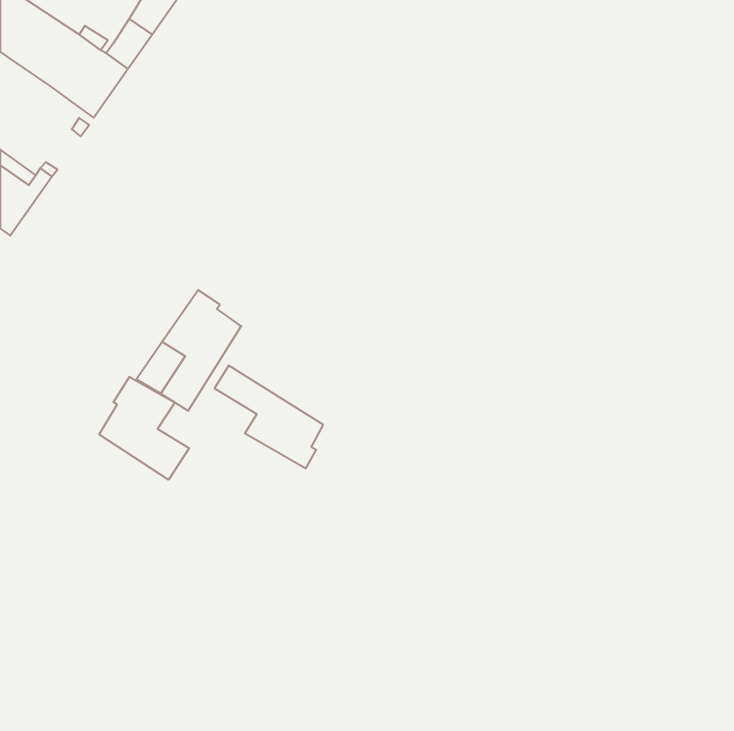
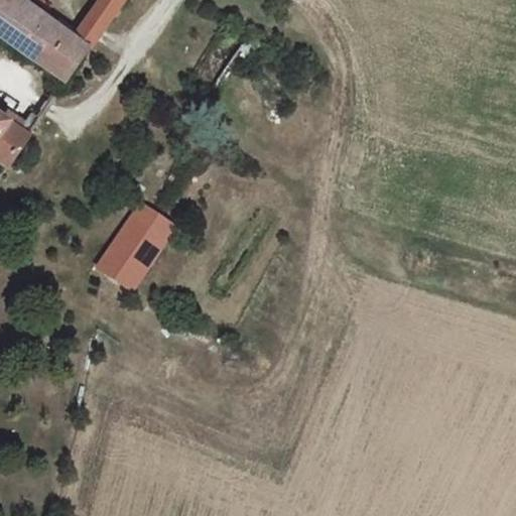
building: [215,365,323,468] -> none
building: [99,377,189,480] -> none

